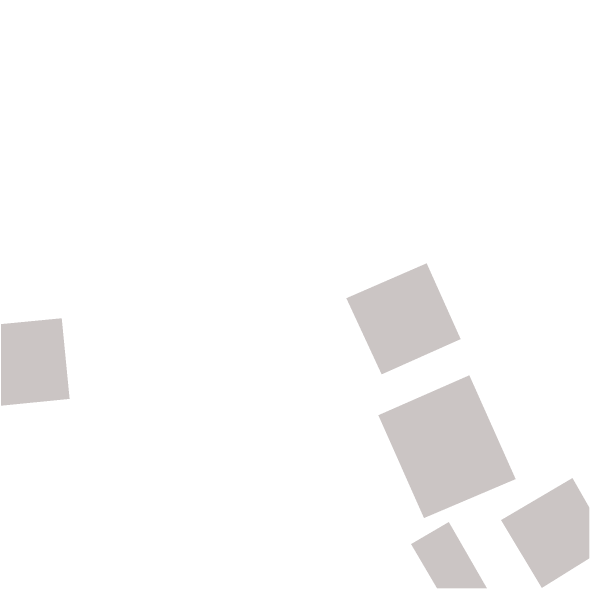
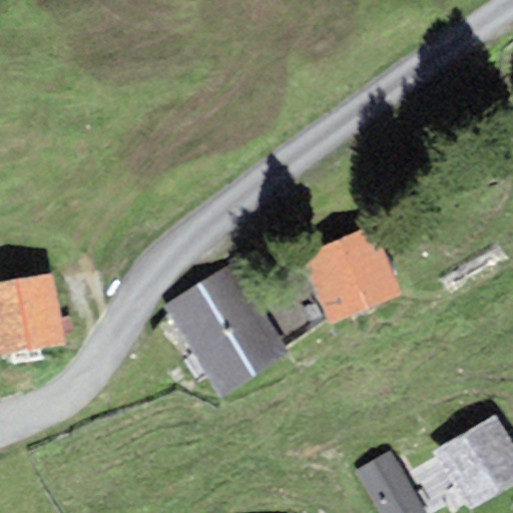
building: none -> [163,263,288,396]
building: [377,374,517,519] -> none

